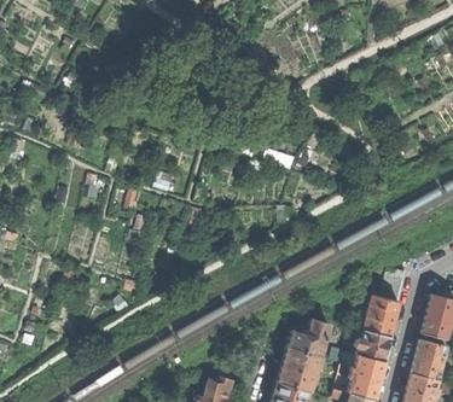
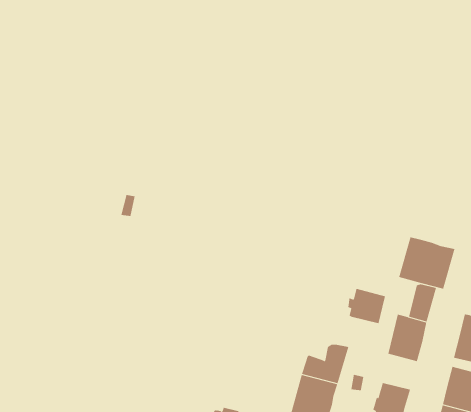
building: none -> [398,236,455,290]
building: [356,330,390,361] -> [348,288,386,324]

